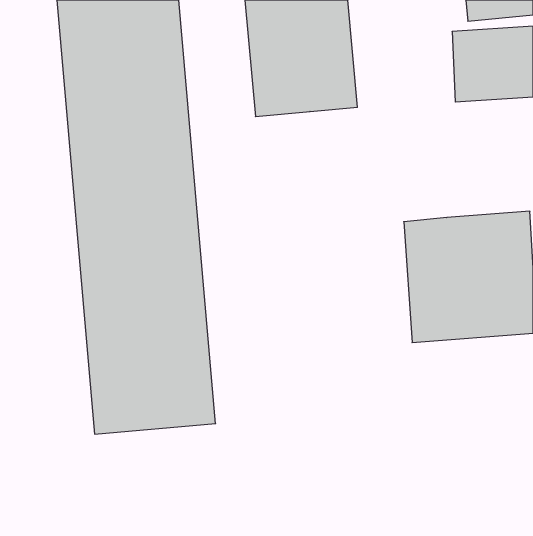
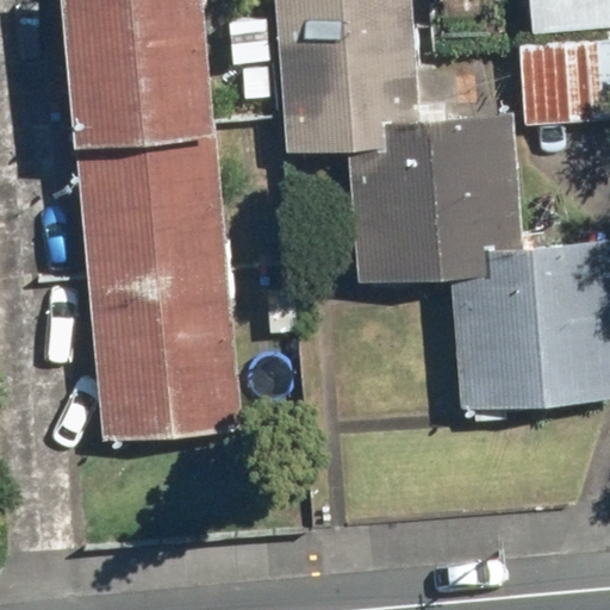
building: none -> [351,116,506,261]

